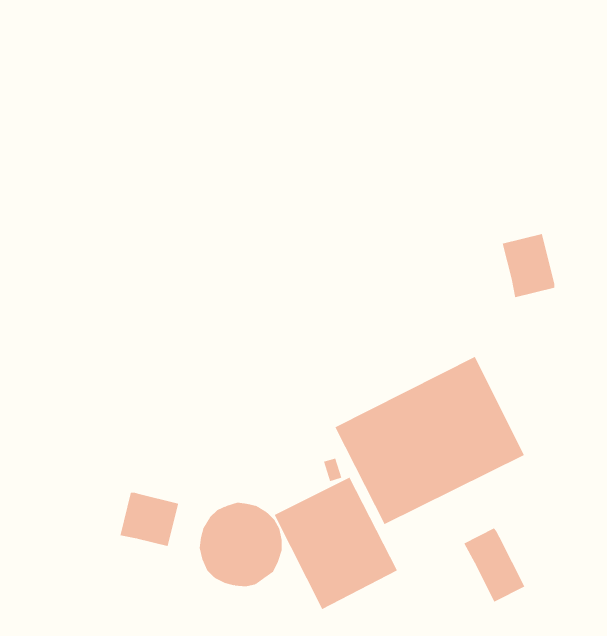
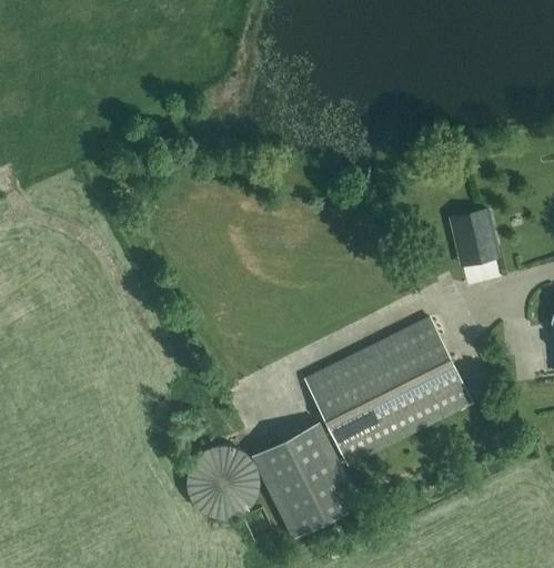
building: [120,492,179,547] -> none
building: [463,528,525,602] -> none

